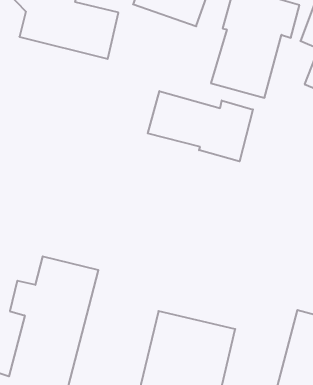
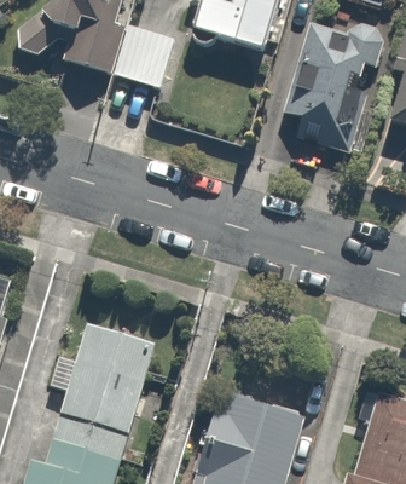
building: [148,91,253,161] -> none

